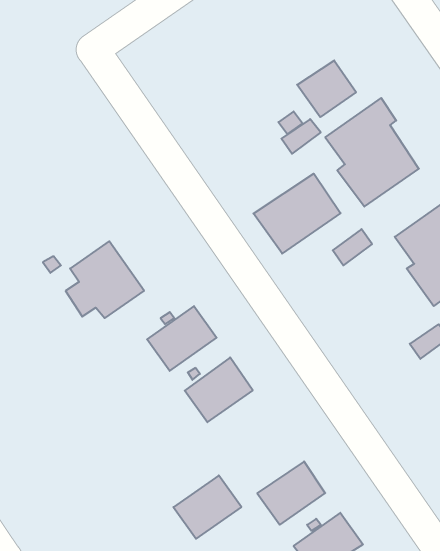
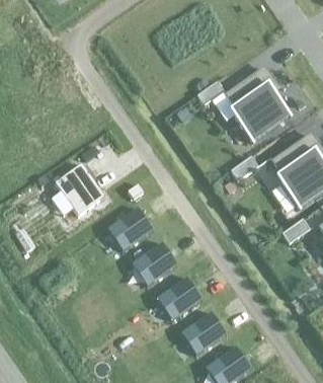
building: [297,60,356,117] -> none
building: [253,174,341,254] -> none
building: [173,475,241,539] -> [156,278,201,320]

